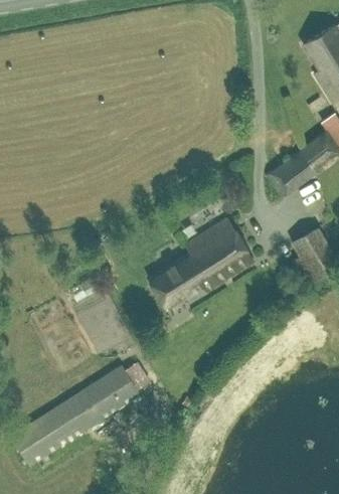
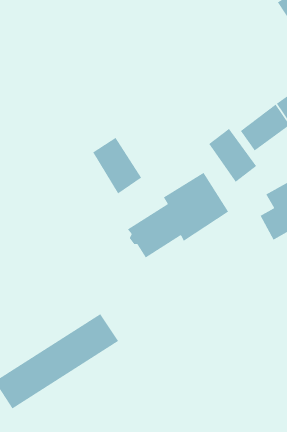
building: none -> [208,128,257,183]
building: none -> [92,137,142,194]

